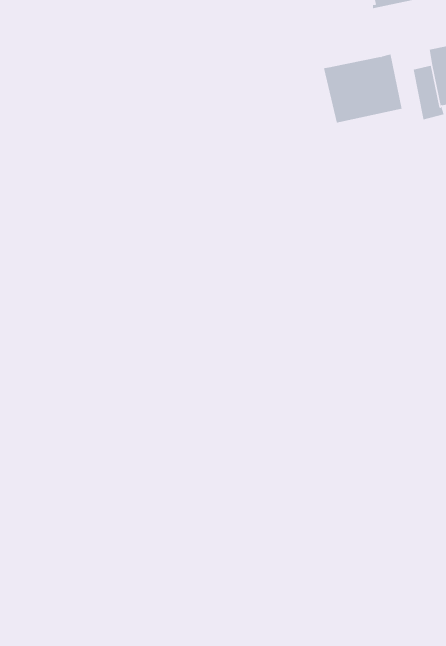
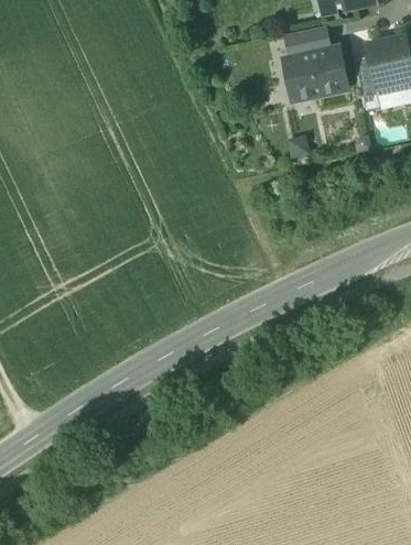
building: none -> [285,26,329,57]

